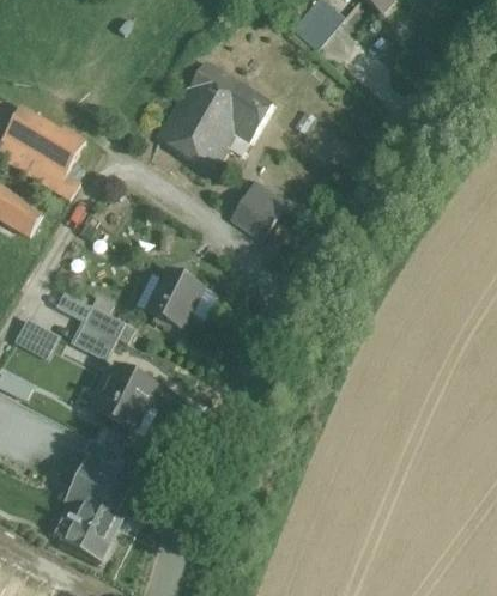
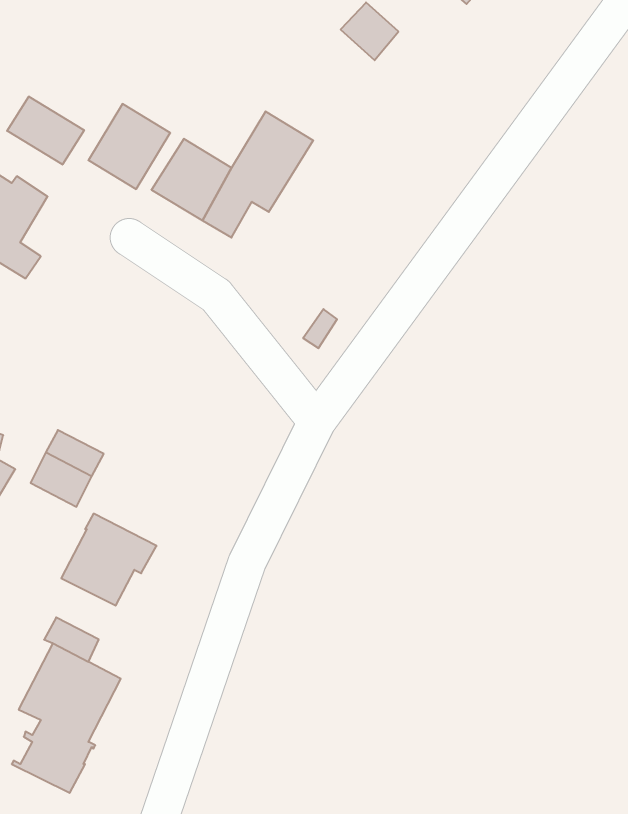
building: [181,61,238,121] -> [88,104,170,189]
building: none -> [7,96,84,165]
building: [230,178,286,237] -> none
building: [146,268,202,328] -> none

